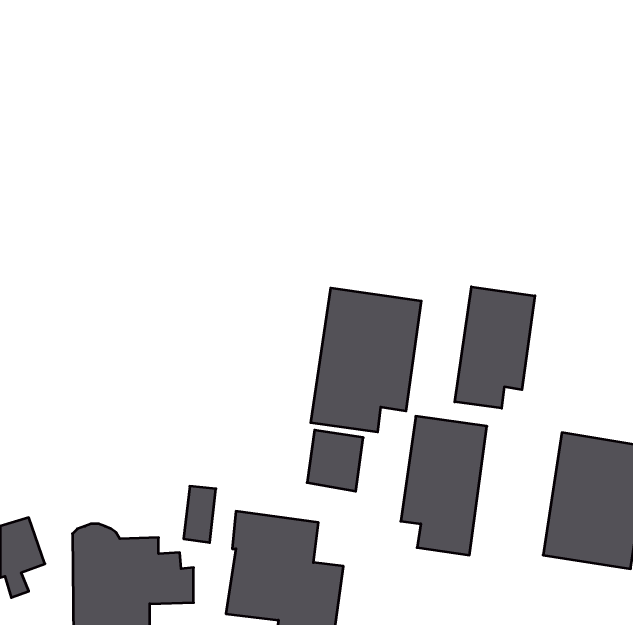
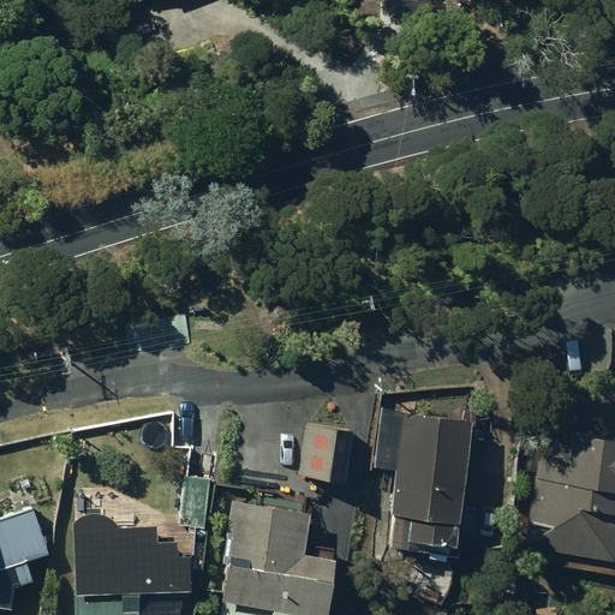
building: [455,287,535,408] -> none
building: [311,288,421,432] -> none

